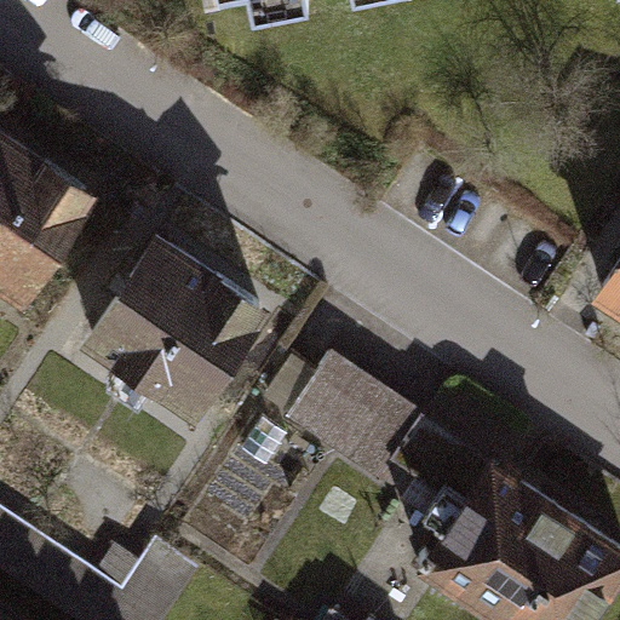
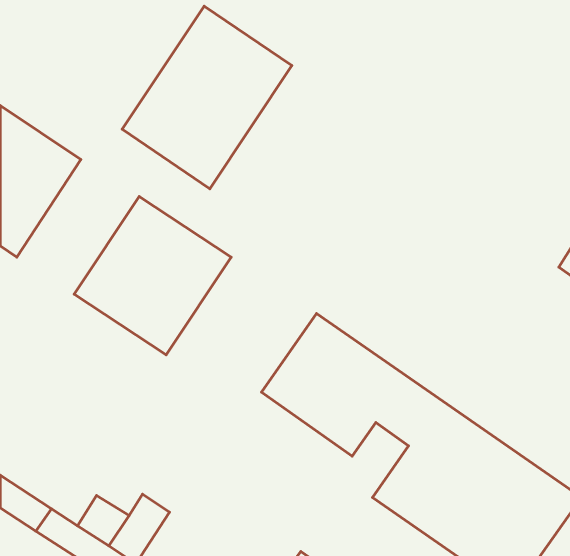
building: none -> [122,6,292,189]

